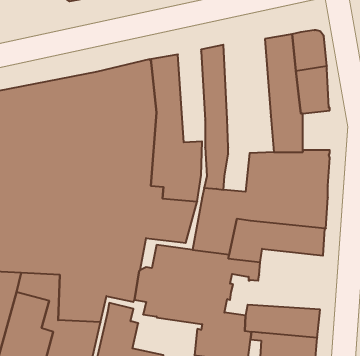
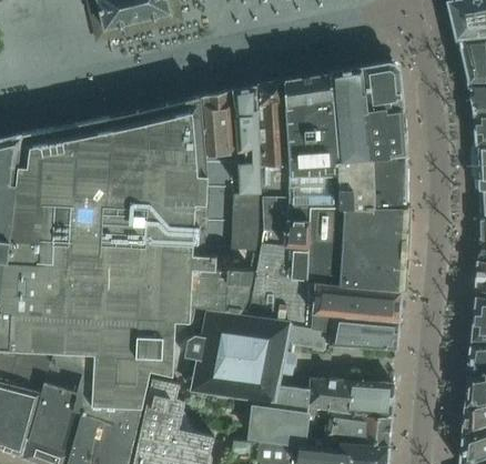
building: none -> [283,74,341,250]
building: none -> [231,87,259,193]
building: none -> [374,157,405,202]
building: none -> [327,316,397,349]

